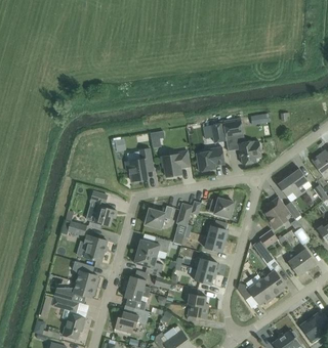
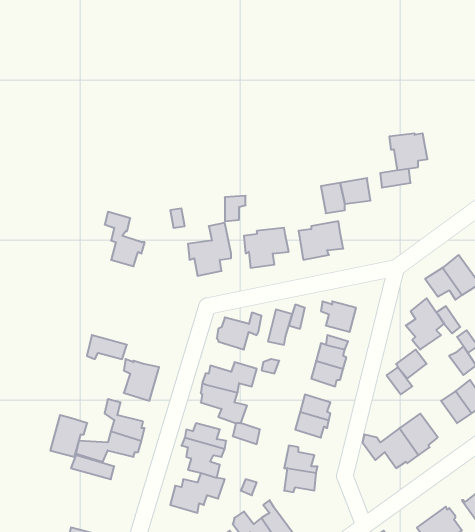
building: [237,140,261,164] -> [389,133,428,170]
building: [90,190,116,225] -> [105,212,145,266]
building: [61,312,85,339] -> [50,415,87,457]

